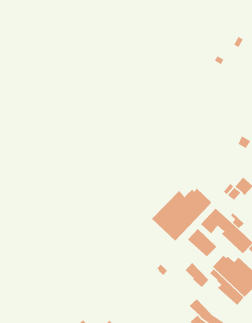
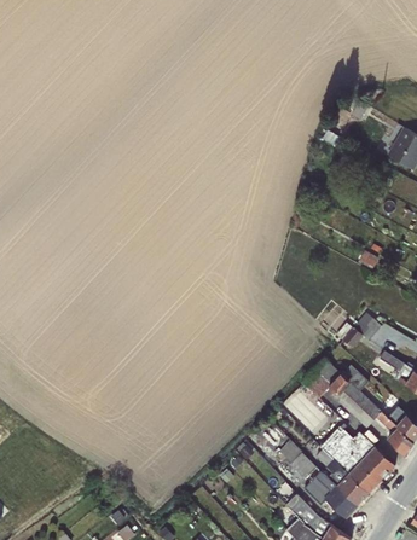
building: [151,188,212,241] -> none
building: none -> [303,471,358,518]

